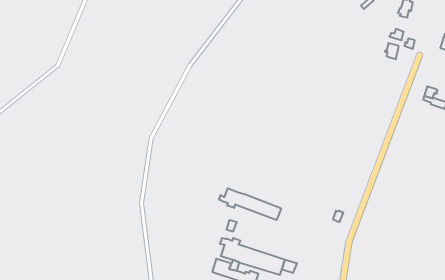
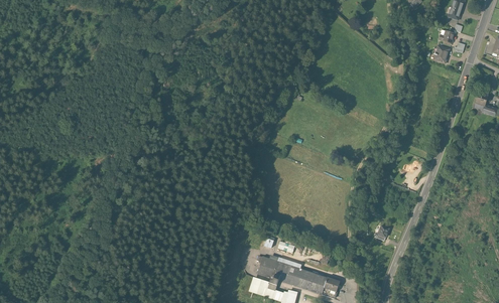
building: [219,188,281,220] -> none

